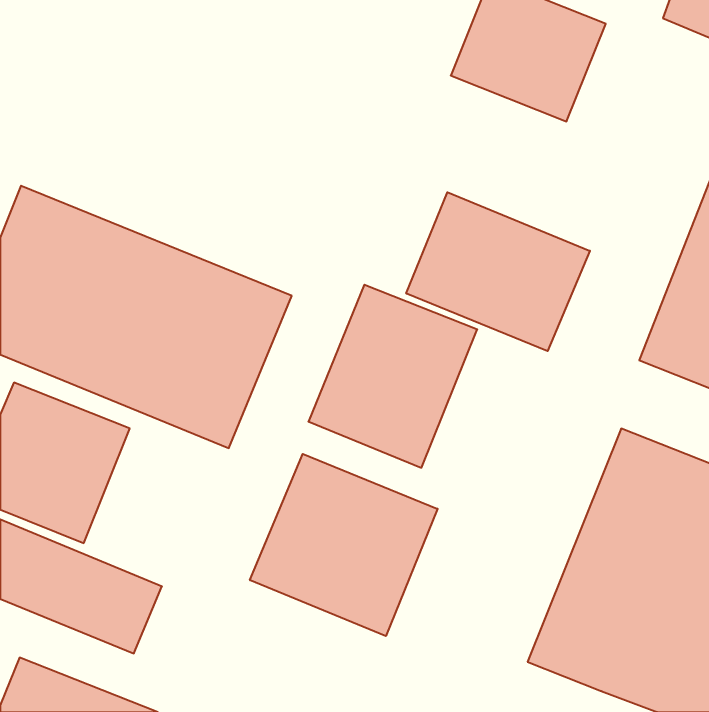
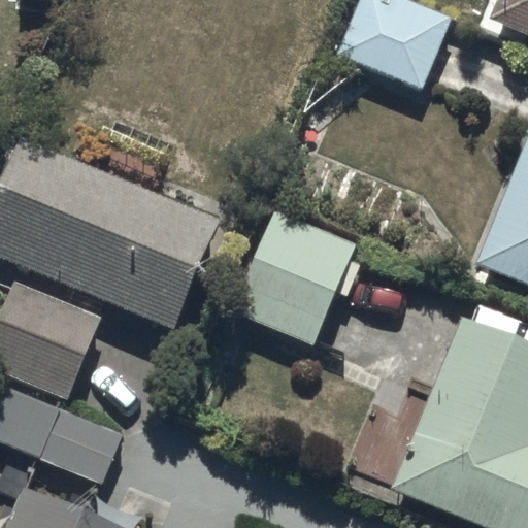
building: [406,192,590,351] -> none
building: [250,454,438,636] -> none

